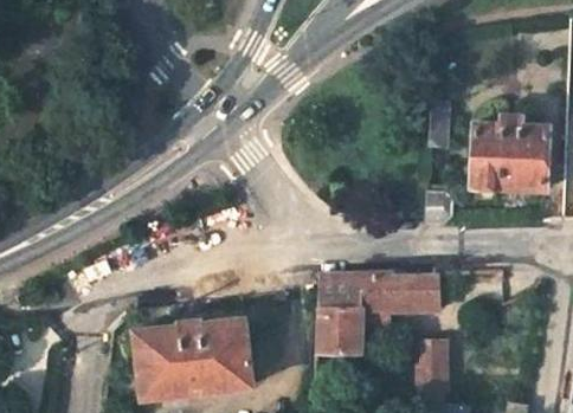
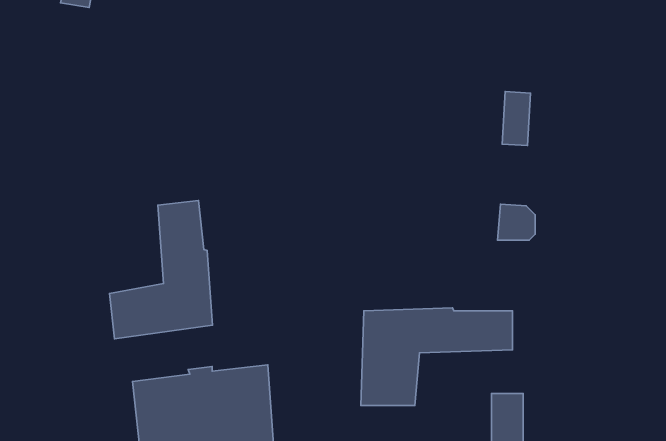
building: [471,115,549,200] -> none
building: none -> [109,201,213,339]

